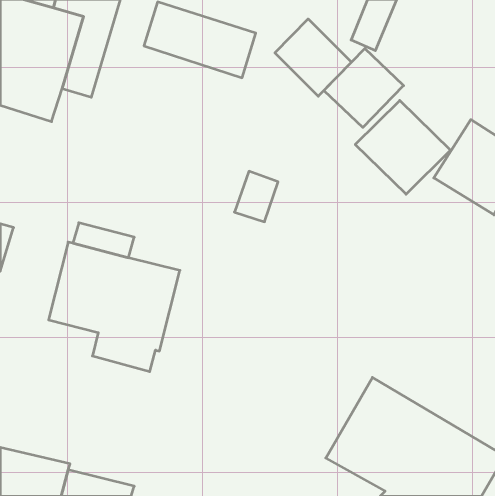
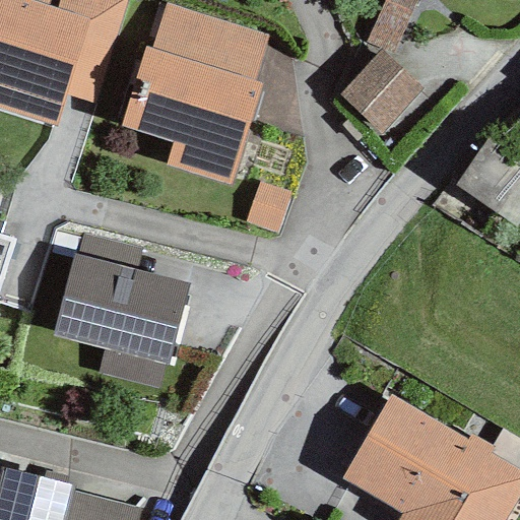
building: [275,19,351,96] -> none
building: none -> [121,47,263,185]
building: [355,100,451,194] -> none

